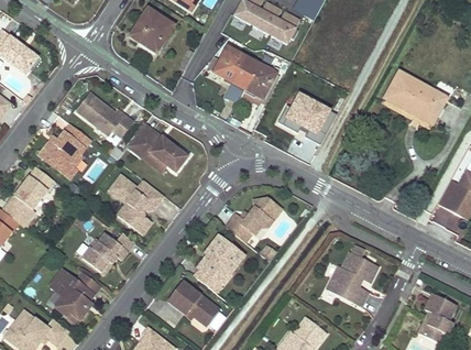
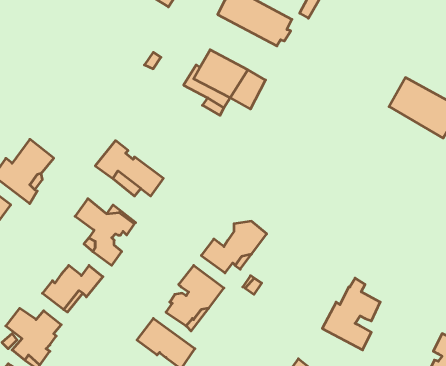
building: [131,8,175,52] -> none
building: [278,94,337,144] -> none
building: [77,95,134,139] -> none

